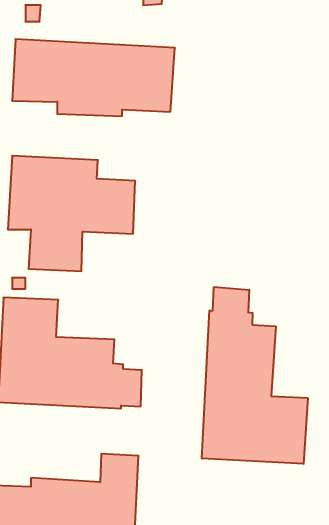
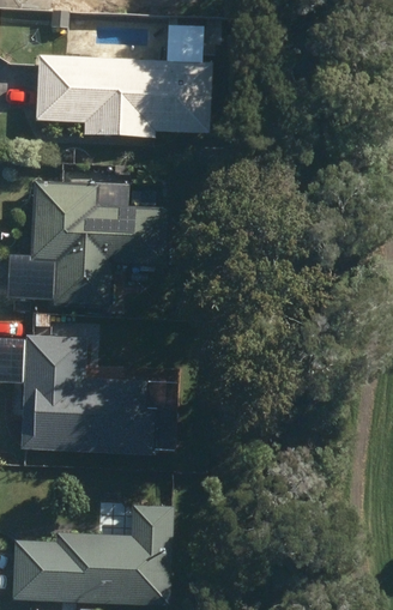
building: [202,287,308,464] -> none

